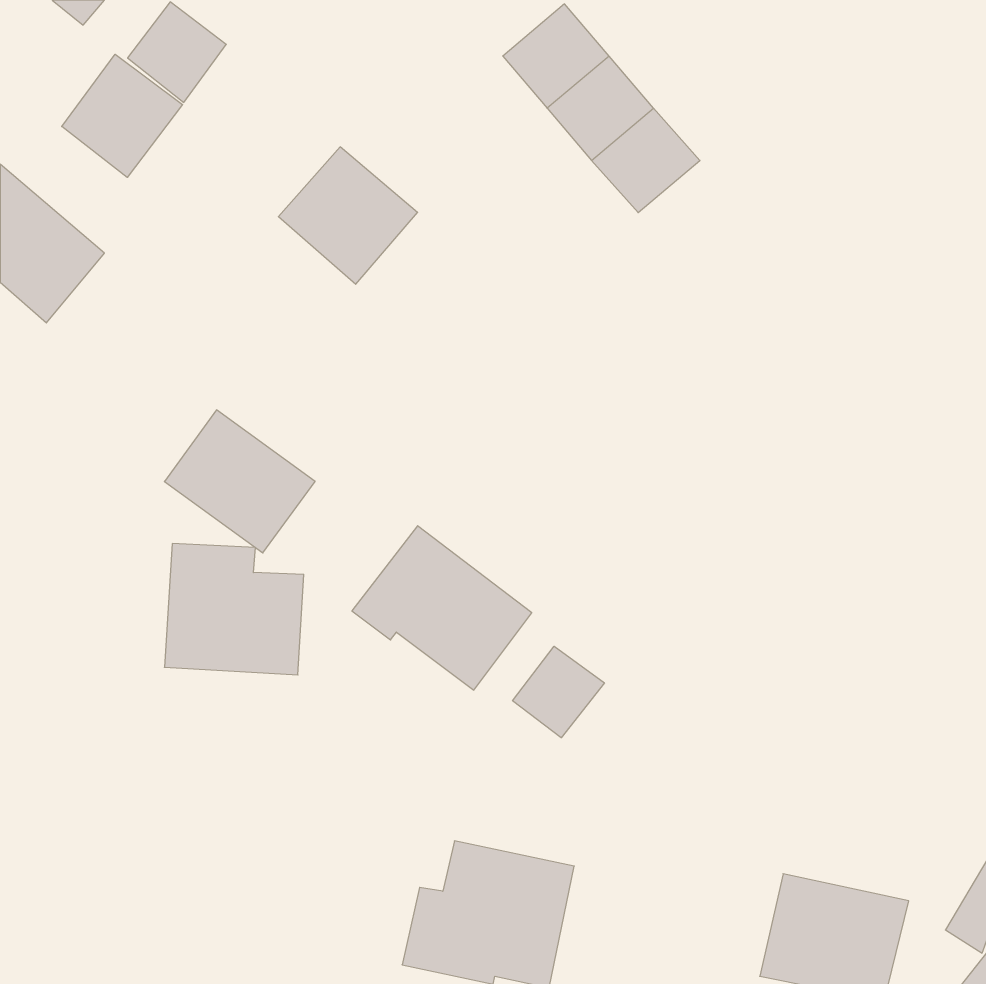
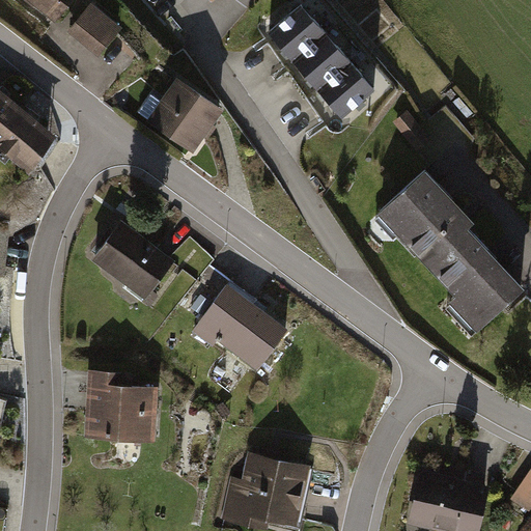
building: [62,54,183,177] -> none
building: none -> [376,171,526,335]
building: [164,544,304,675] -> [80,372,155,443]
building: [513,646,604,738] -> none

